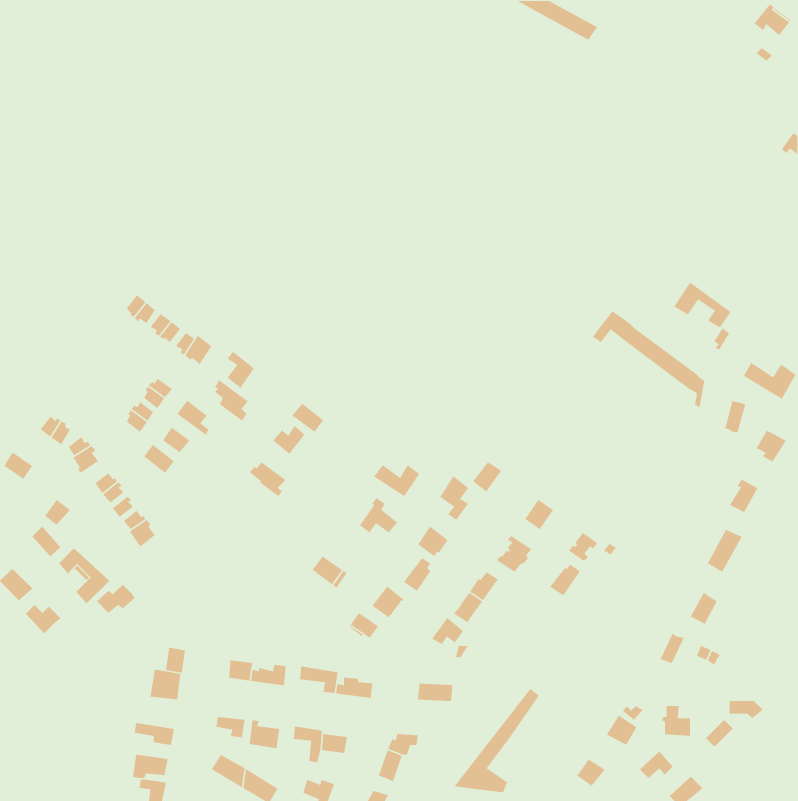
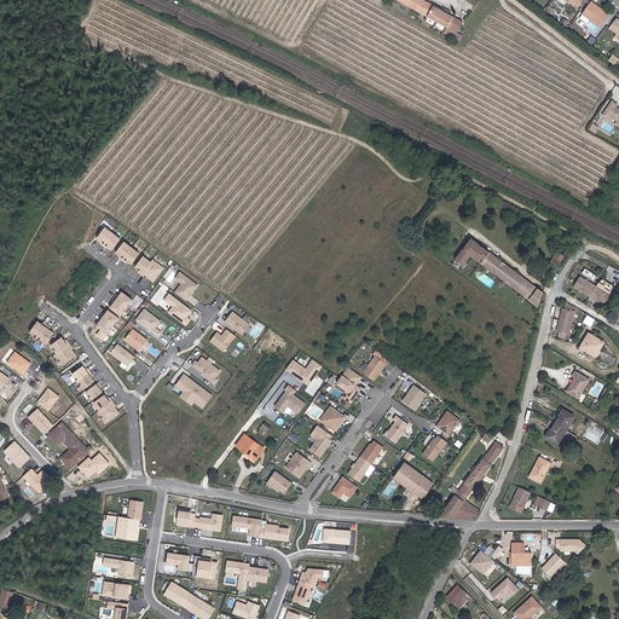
building: [673,282,731,328] -> none
building: none -> [177,375,212,407]
building: none -> [394,459,435,494]
building: [453,688,540,793] -> [436,440,503,521]

